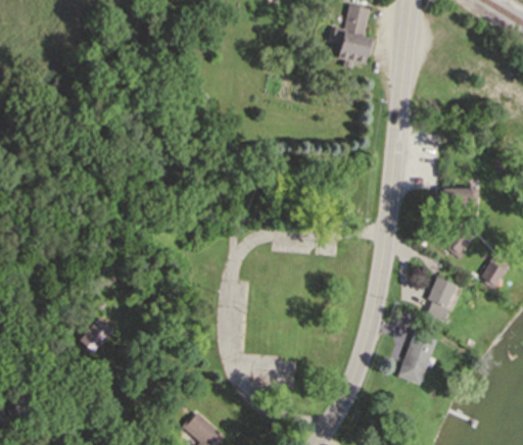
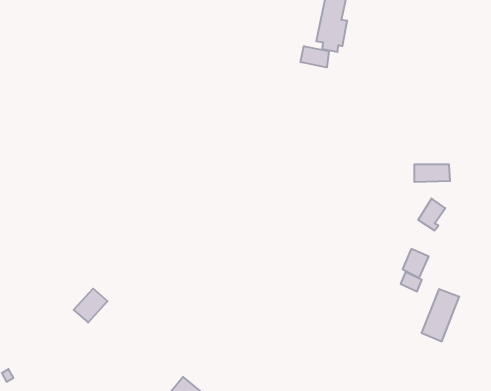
building: none -> [301,46,329,67]
building: [479,258,507,289] -> none
building: [397,330,437,385] -> [421,289,459,341]

